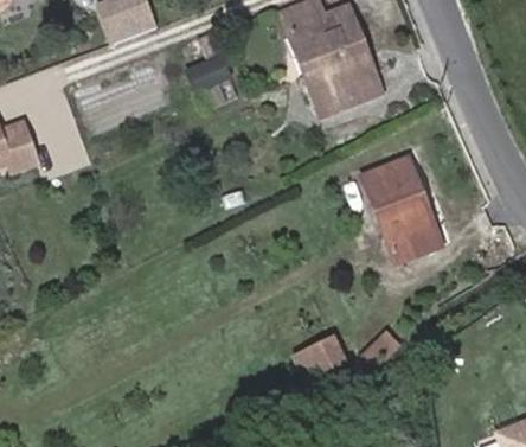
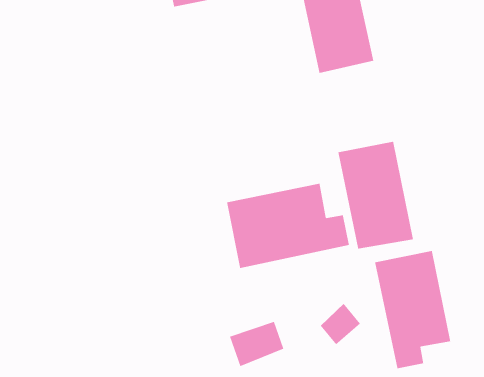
building: none -> [226,183,349,269]
building: none -> [374,250,451,369]

